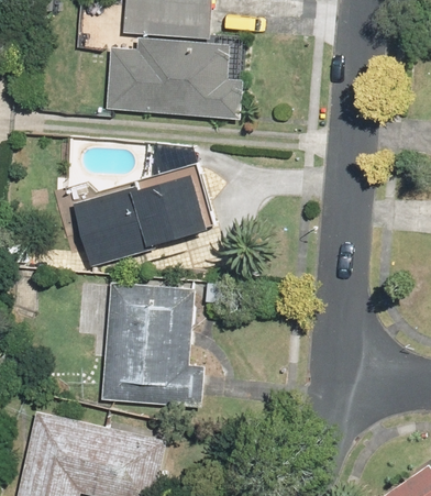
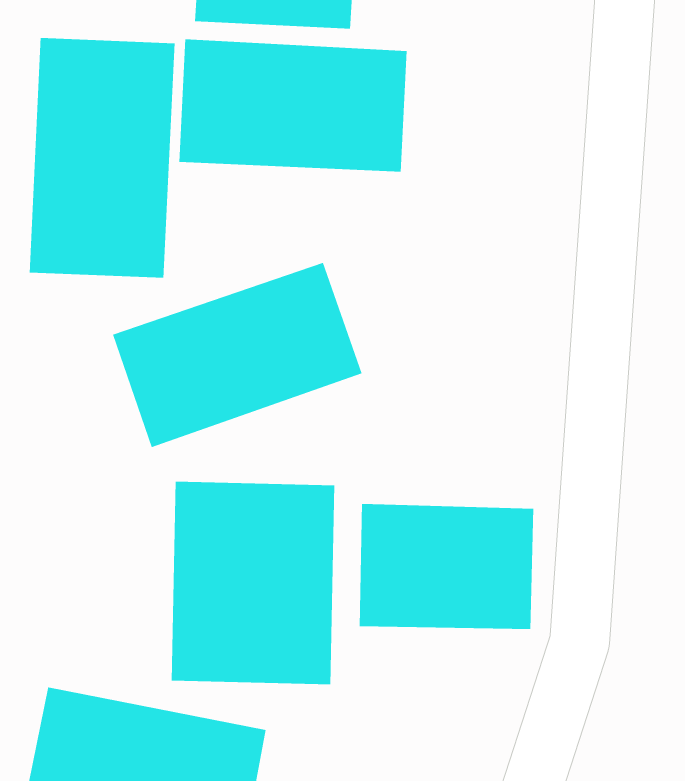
building: none -> [29,37,175,279]
building: none -> [359,503,534,630]

